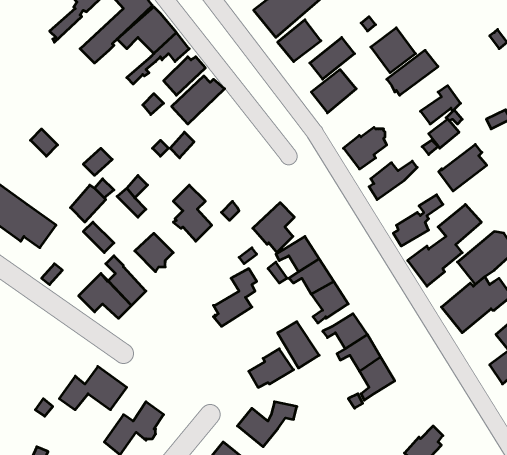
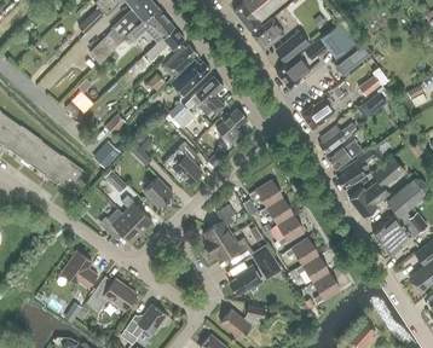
building: none -> [190,75,224,115]
building: [439,144,487,191] -> [324,134,360,169]
building: [253,203,294,252] -> [215,108,247,145]
building: none -> [208,233,253,261]
building: none -> [62,251,97,286]

